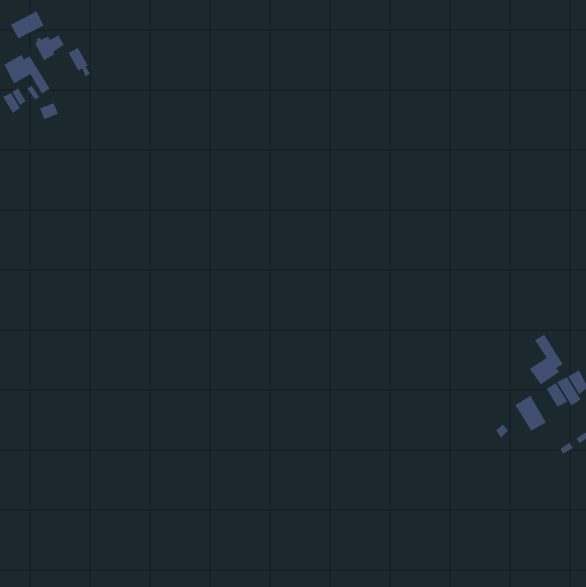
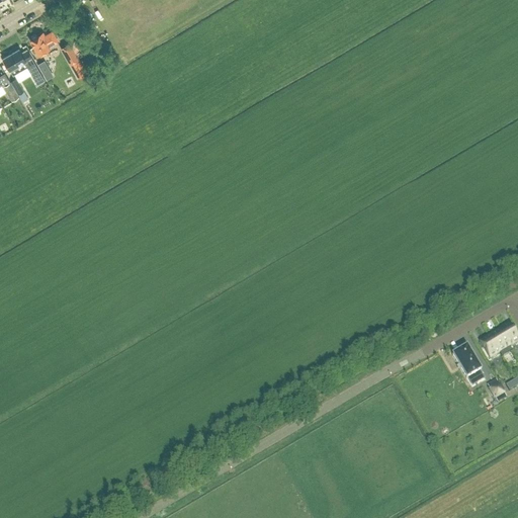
building: [10,10,44,39] -> none
building: [529,334,563,385] -> none

